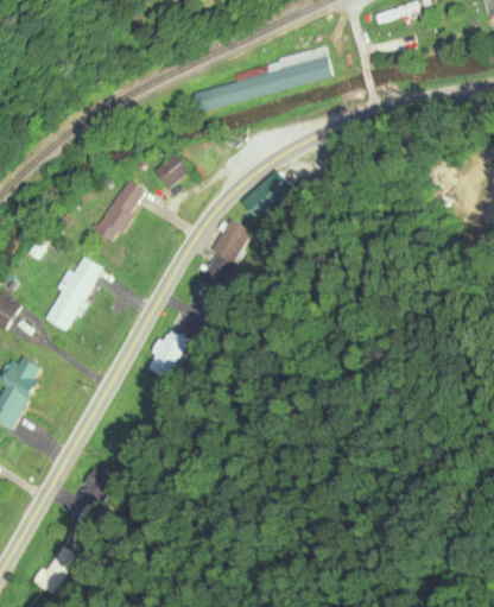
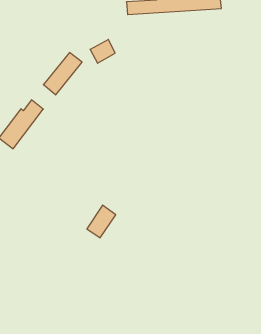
building: [210,219,252,270] -> none
building: [150,330,188,378] -> [87,205,116,238]

